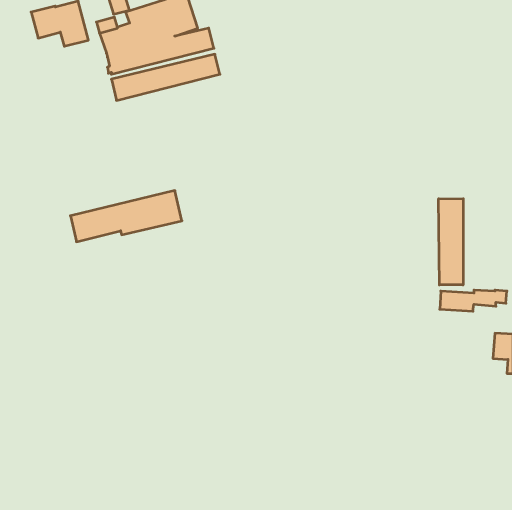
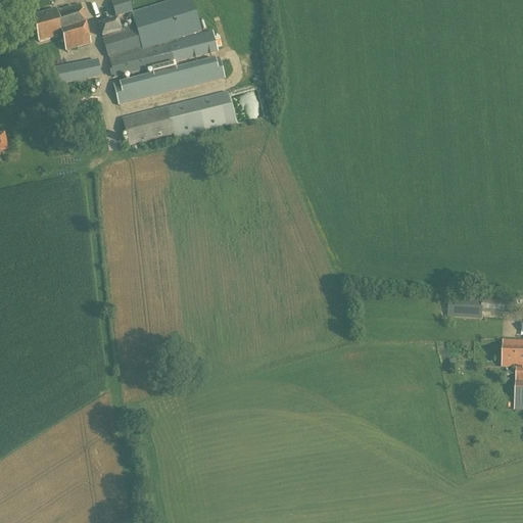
building: none -> [45,58,100,84]
building: [70,191,182,242] -> [123,90,236,142]
building: [439,199,463,285] -> none

